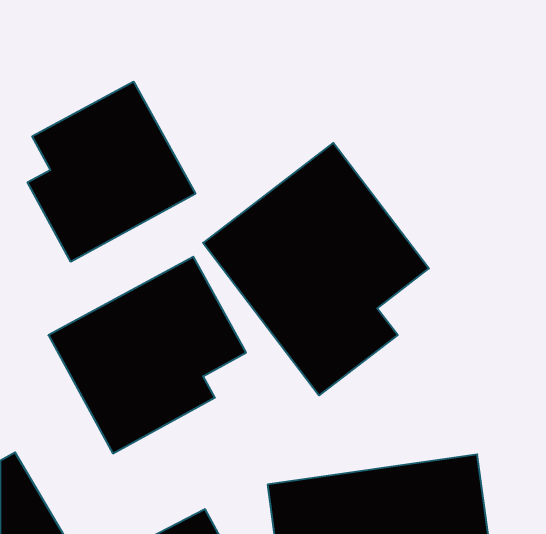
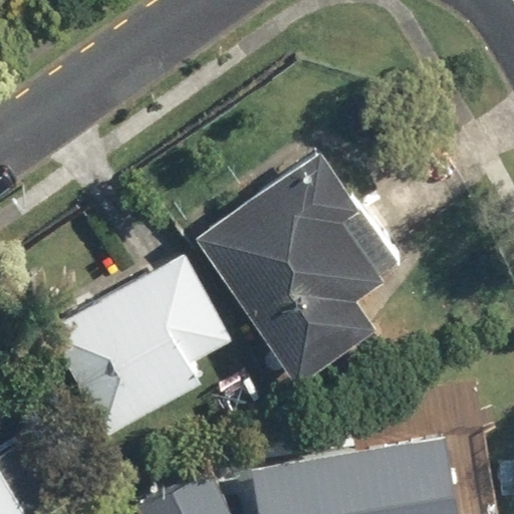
building: [28,82,195,262] -> none

